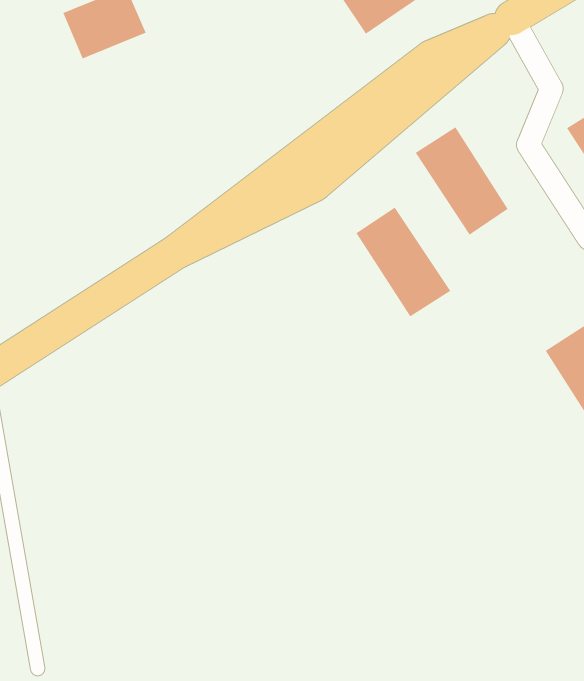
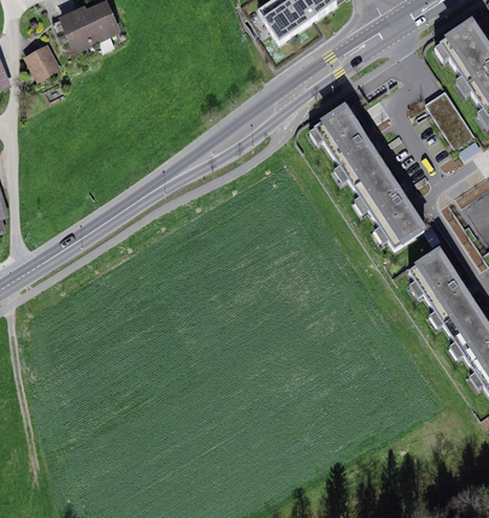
building: none -> [24,47,60,84]
building: [356,207,451,317] -> [355,165,425,246]

